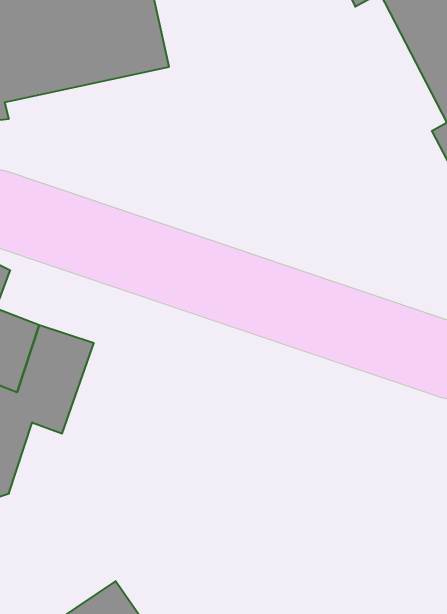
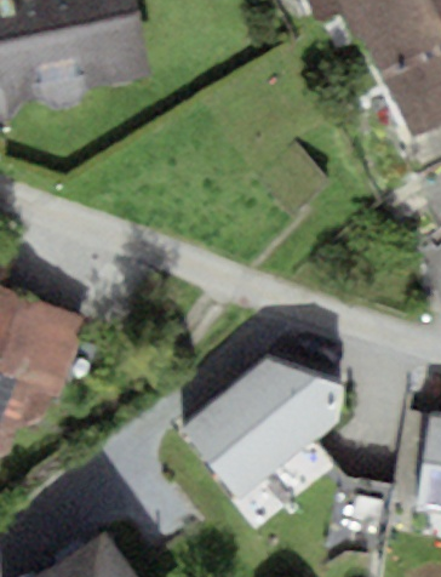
building: none -> [182,356,344,498]

